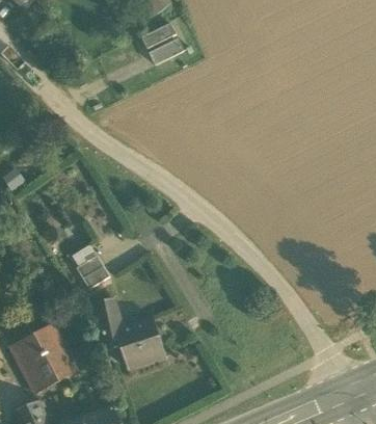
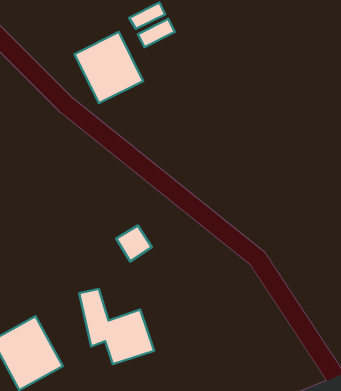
building: none -> [74,32,143,103]
building: [75,255,109,289] -> [116,225,152,261]

